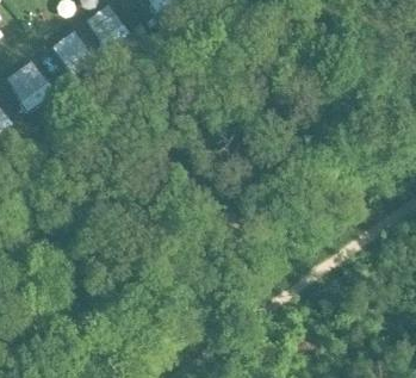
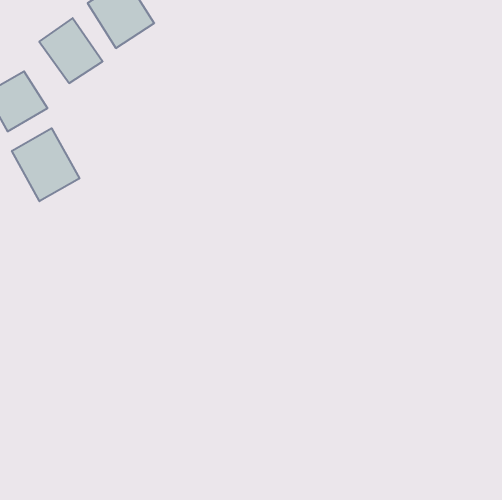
building: none -> [12,128,79,201]

